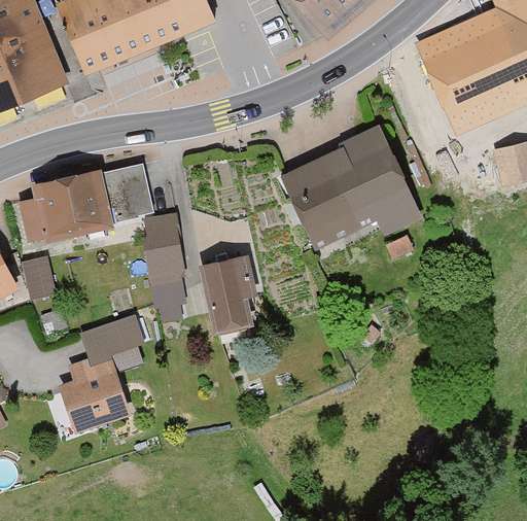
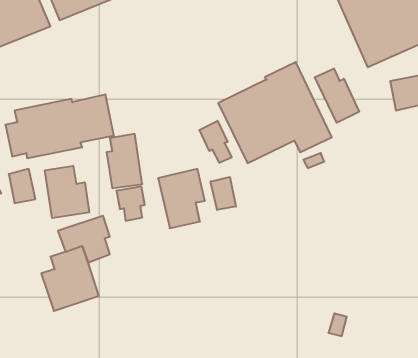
building: none -> [315,68,359,123]
building: none -> [199,121,232,163]
building: none -> [45,166,89,218]
building: none -> [211,177,236,210]

